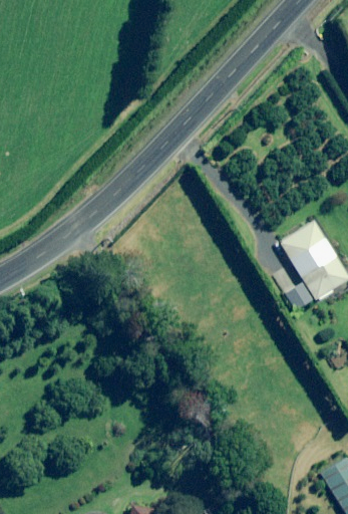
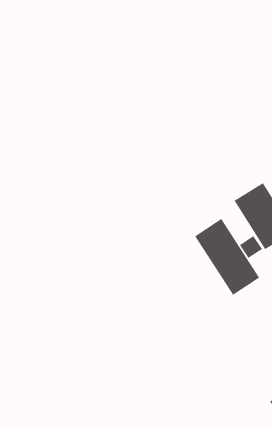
building: none -> [194,218,260,296]

